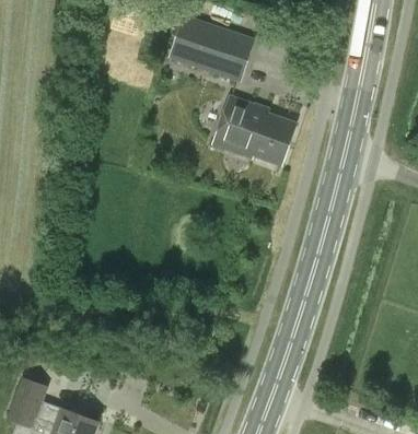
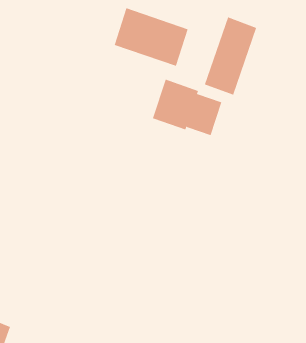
building: none -> [204,17,257,96]

